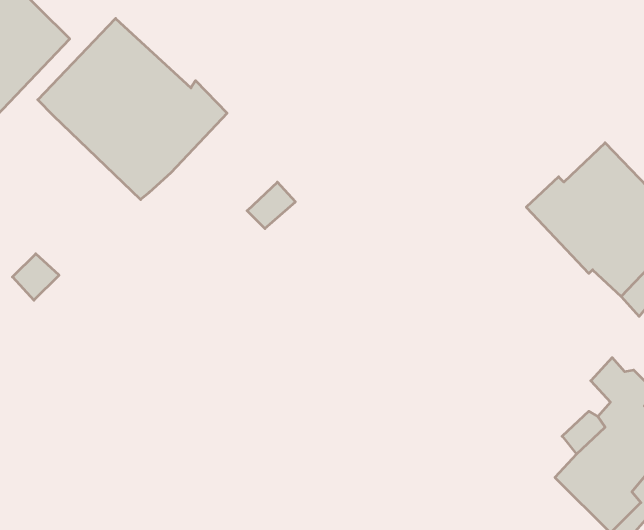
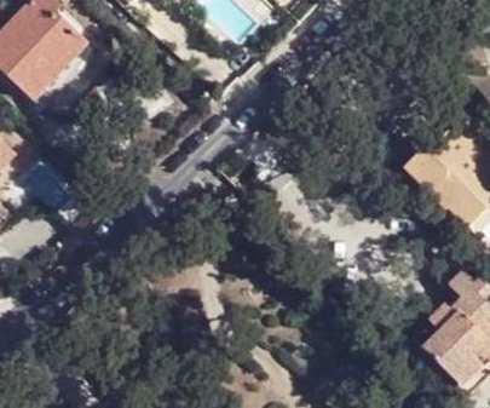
building: [38,18,227,200] -> none

